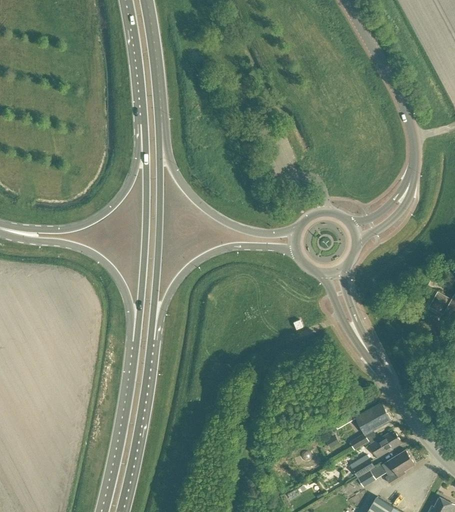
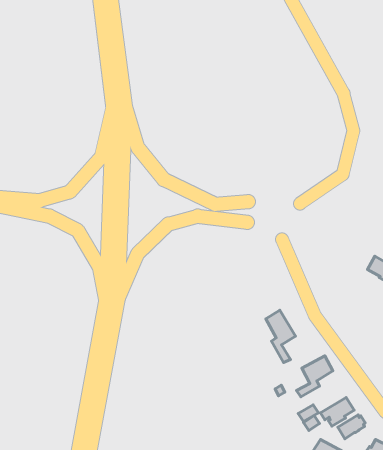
building: none -> [266,310,295,363]
building: [369,431,400,458] -> [338,415,365,439]

